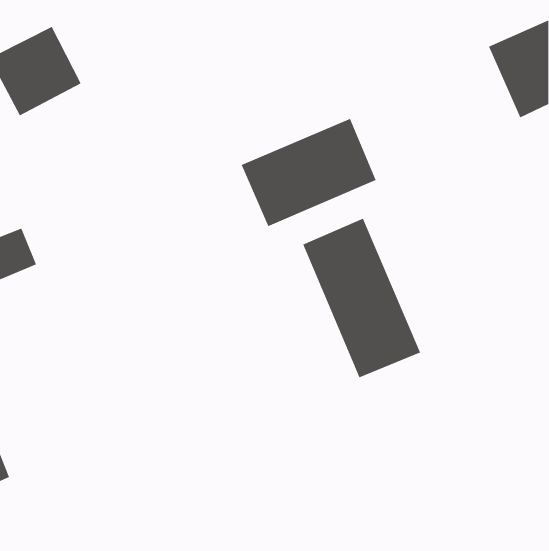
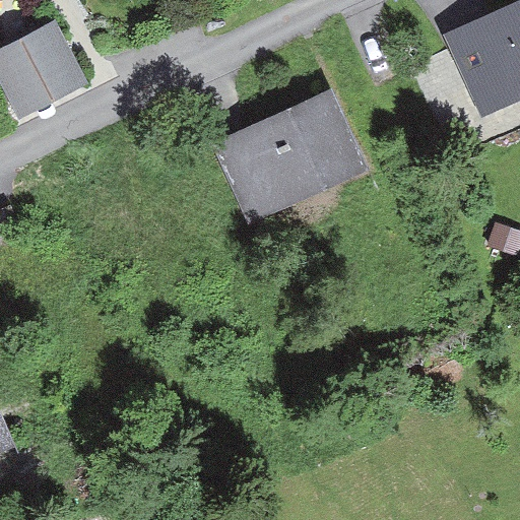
building: [303,218,421,378] -> none

